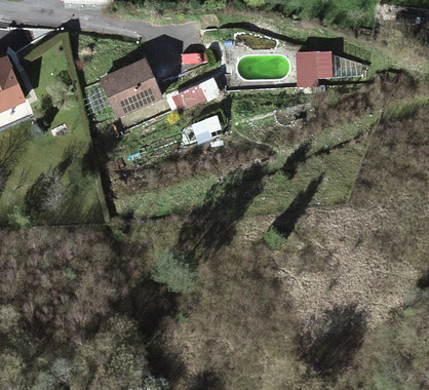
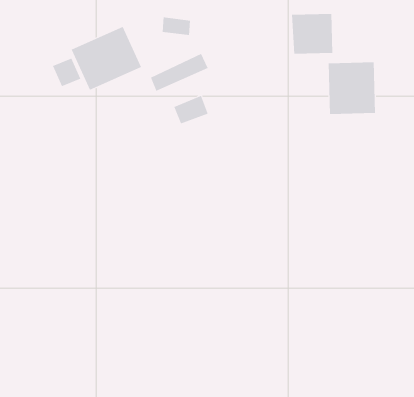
building: none -> [328,62,375,115]

